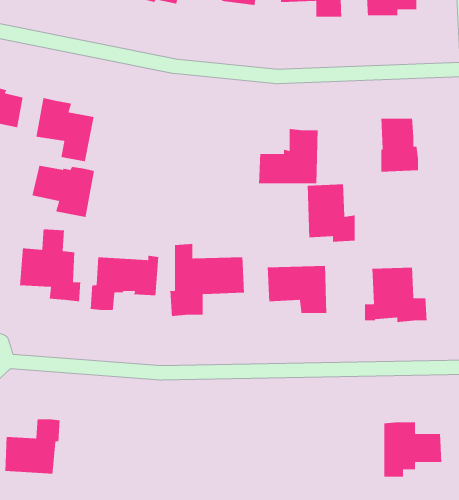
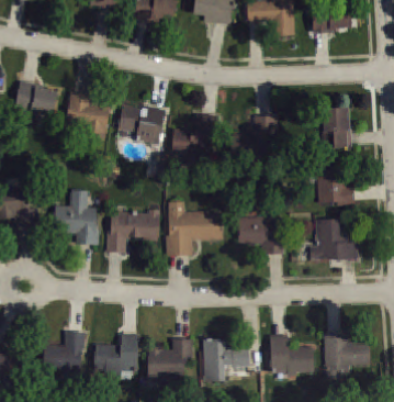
building: none -> [171,114,218,159]
building: [32,165,95,218] -> [119,105,166,145]
building: [307,184,356,243] -> [317,161,353,205]
building: none -> [94,334,138,375]
building: none -> [270,335,313,375]
building: none -> [148,338,192,377]
building: none -> [204,339,249,380]

